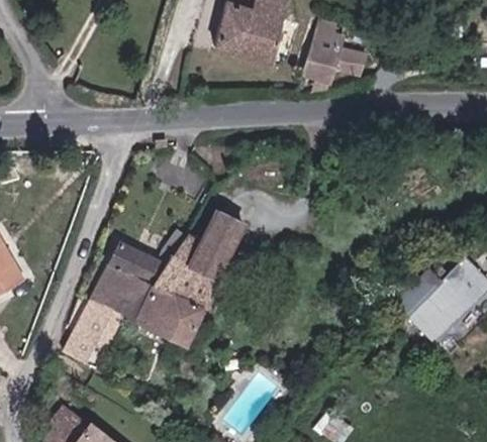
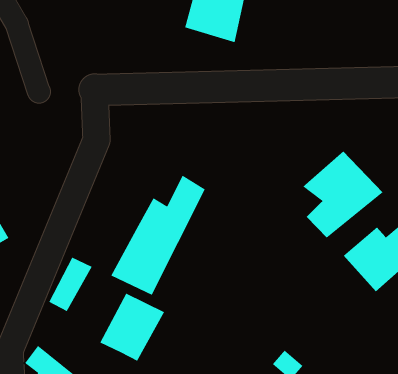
building: [301,23,367,85] -> none
building: none -> [302,150,384,238]
building: [93,245,166,322] -> [99,293,165,362]

